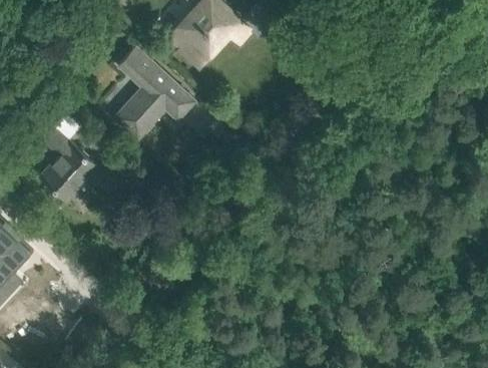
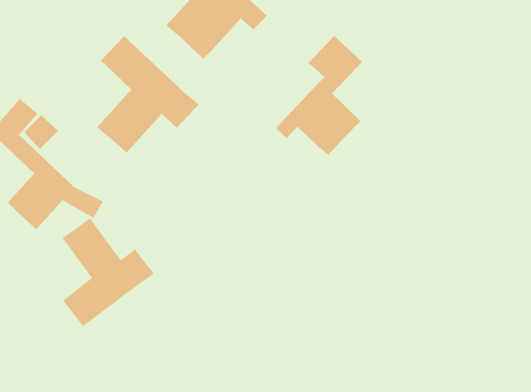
building: none -> [275,35,363,156]
building: none -> [62,218,155,327]

